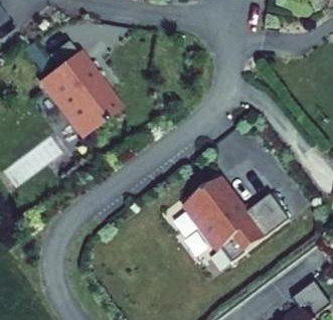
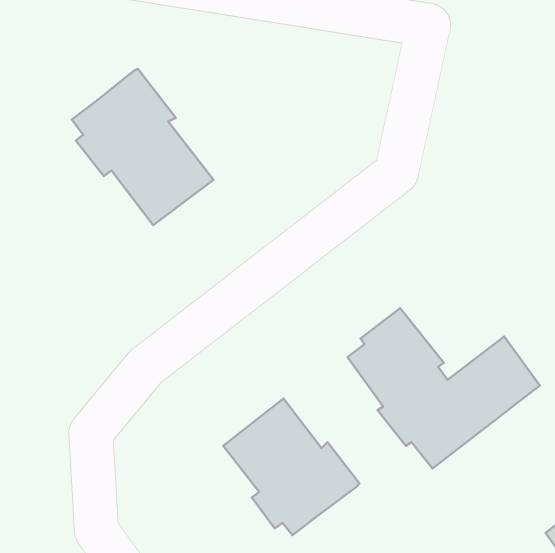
building: none -> [223,398,359,535]

